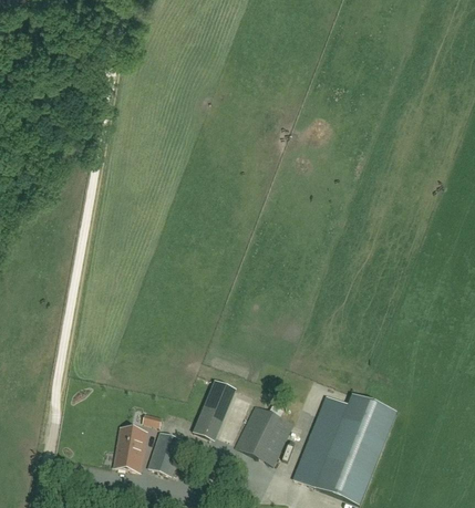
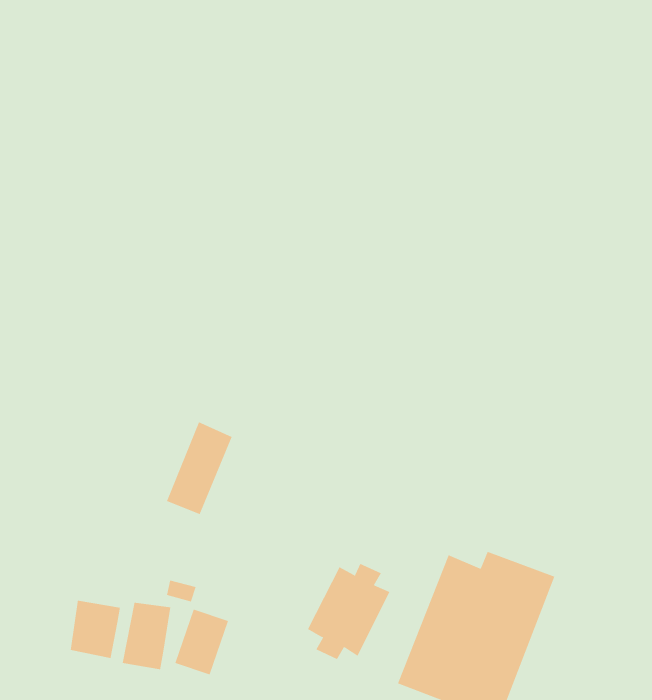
building: [193,380,236,440] -> [166,422,233,515]
building: none -> [70,600,120,659]

